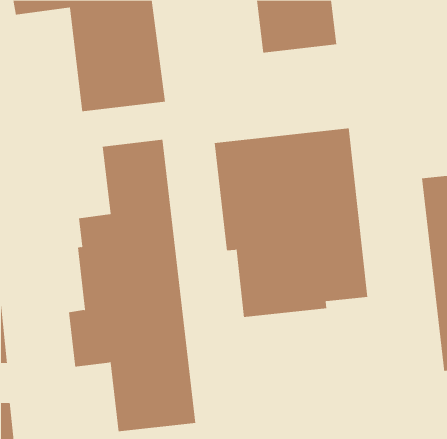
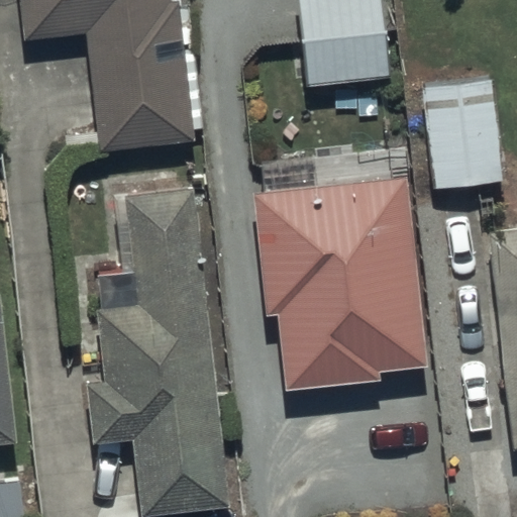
building: none -> [423,72,504,182]

